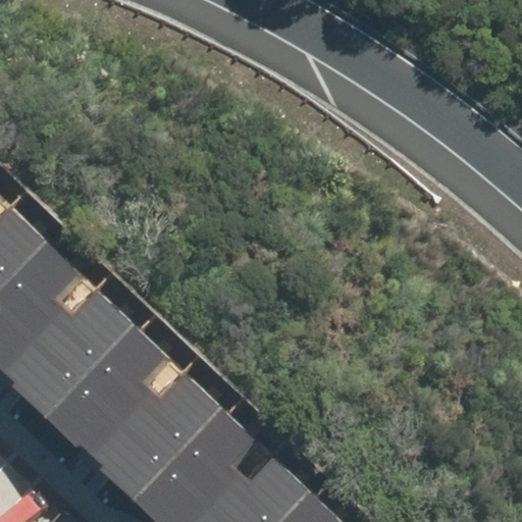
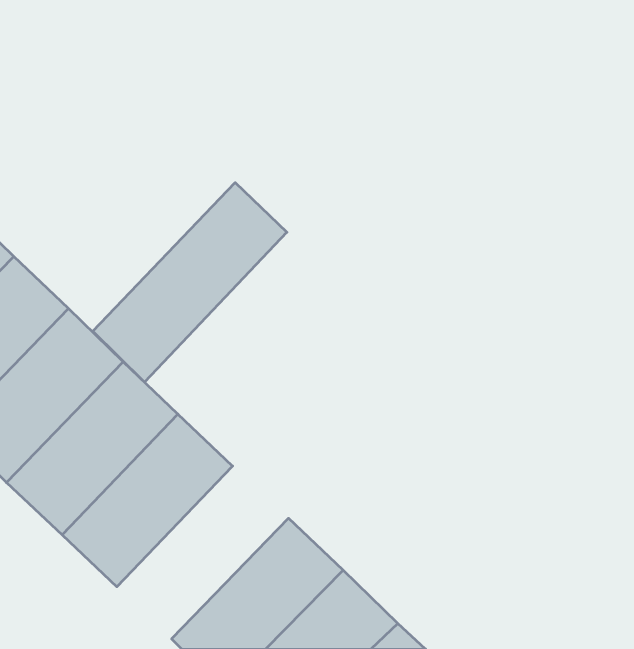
building: none -> [93,183,287,382]
building: [94,374,231,513] -> none

